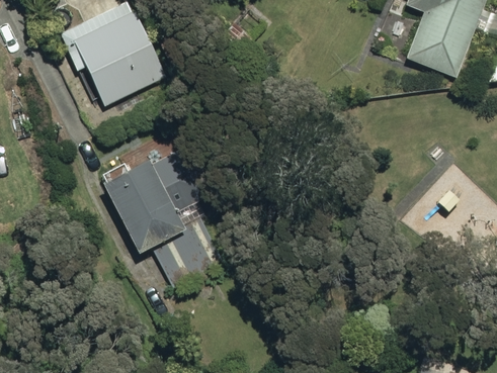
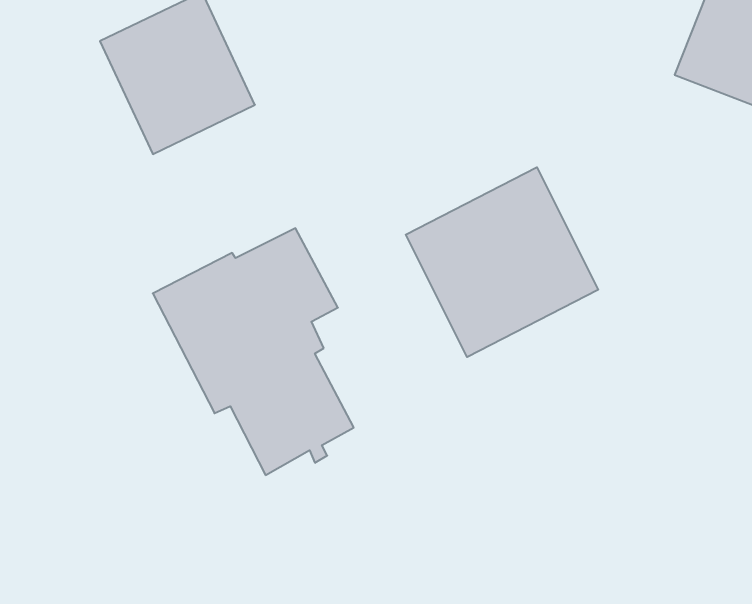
building: none -> [406,167,598,357]

